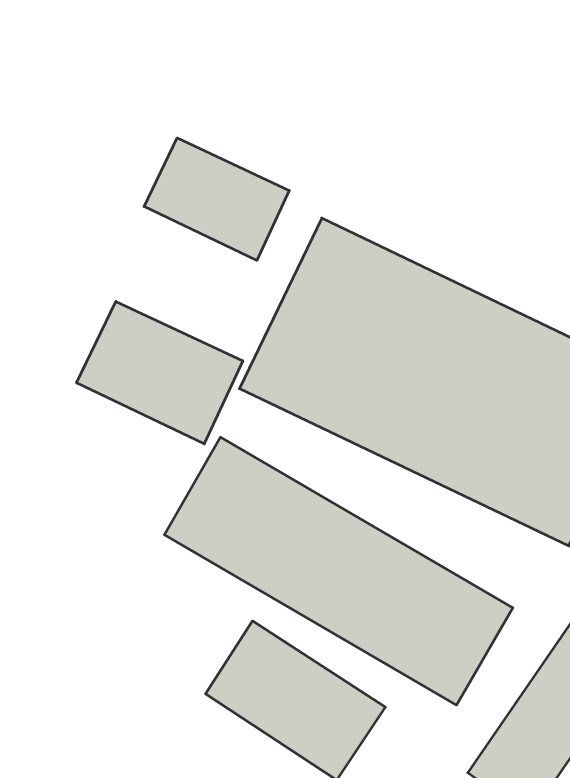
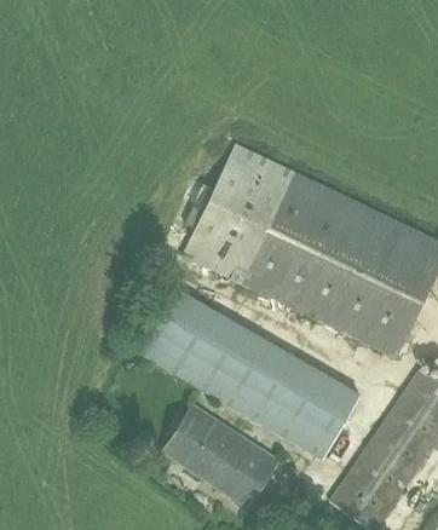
building: [144,138,289,260] -> none
building: [77,301,243,444] -> none

